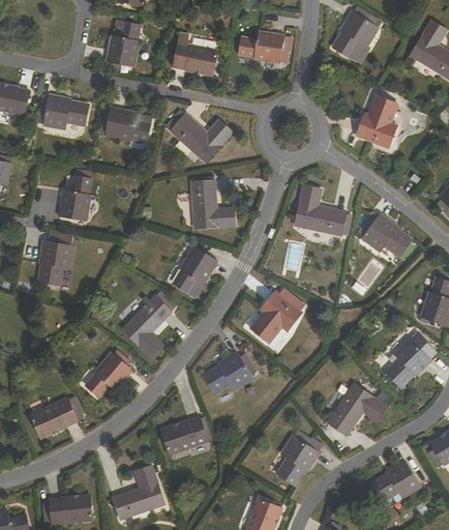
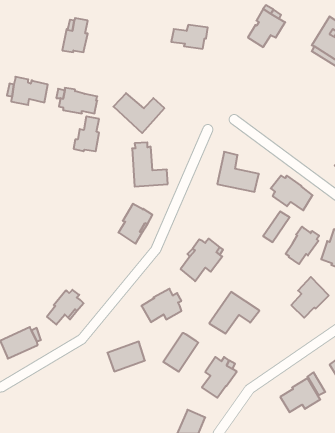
building: [174,43,217,75] -> none
building: [355,95,397,147] -> none
building: [59,176,90,218] -> [74,116,99,151]
building: [37,231,73,285] -> none
building: none -> [286,227,319,264]
building: [122,295,171,356] -> none
building: [327,384,388,435] -> [209,292,259,334]
building: none -> [163,333,198,372]
building: [113,466,164,520] -> none
building: [50,495,92,523] -> none

